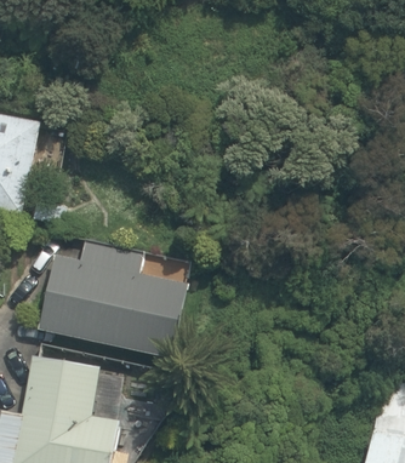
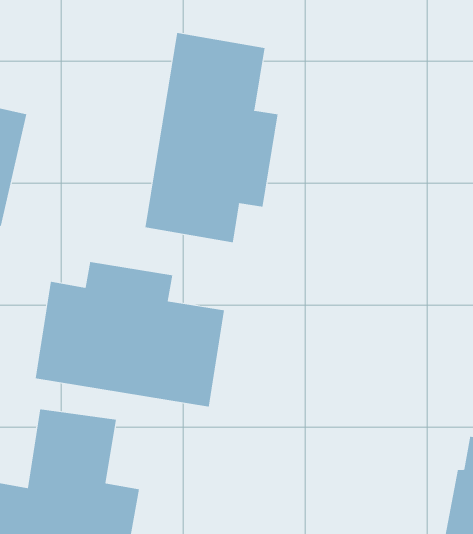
building: none -> [145,32,278,243]

